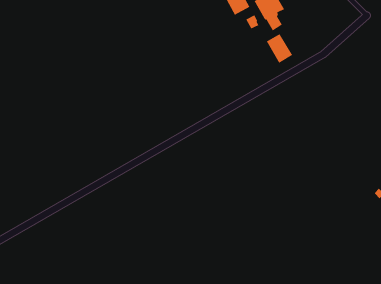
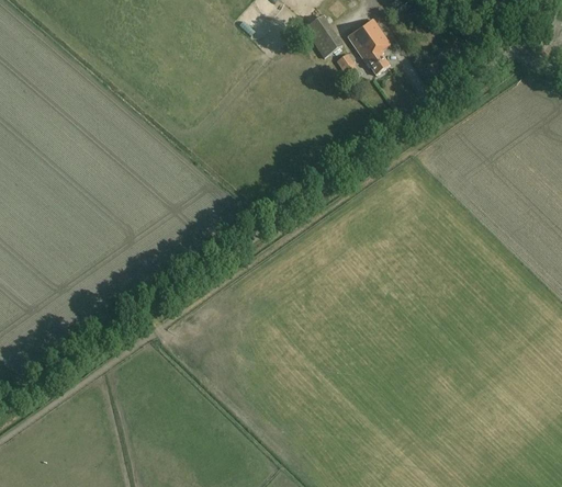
building: [266,33,293,64] -> none

